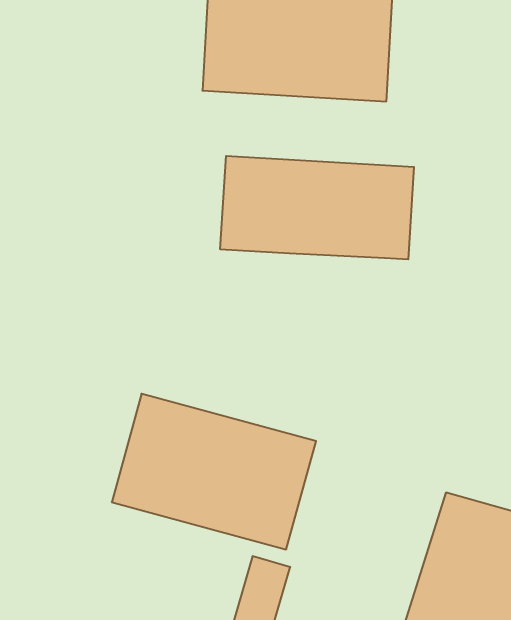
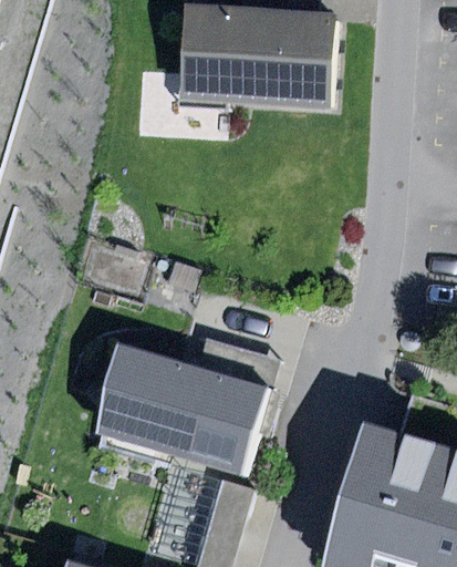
building: [220,156,414,259] -> none

